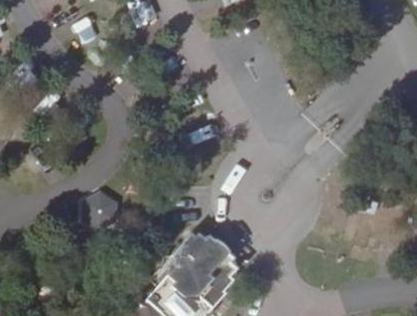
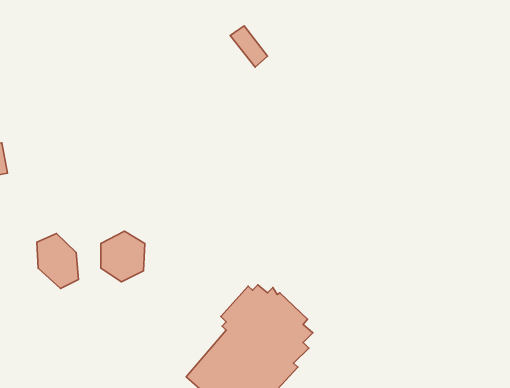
building: none -> [37,233,78,288]

